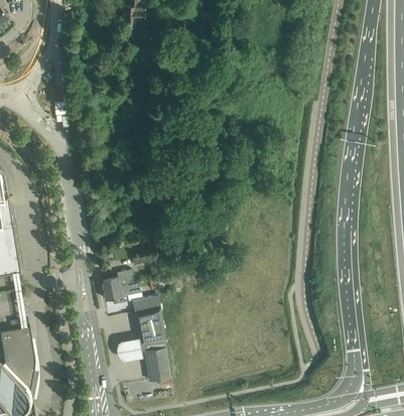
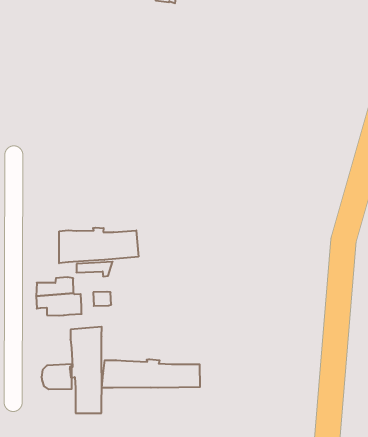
building: none -> [59,228,138,263]
building: none -> [102,359,200,388]

